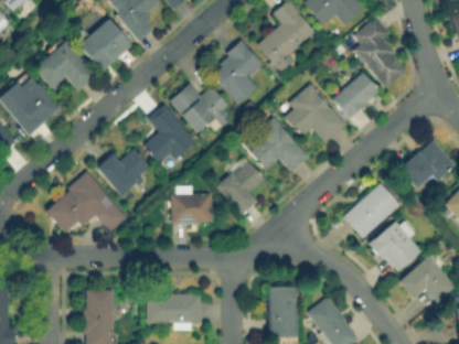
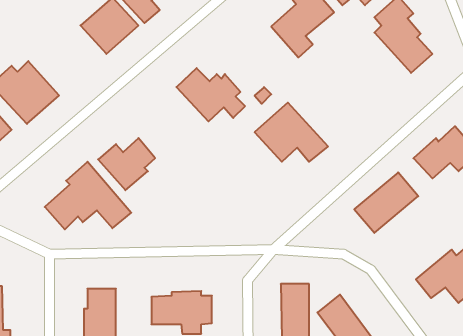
building: [214,41,261,107] -> none
building: [34,42,97,93] -> none
building: [333,73,382,119] -> none
building: [286,85,348,144] -> none
building: [145,106,198,164] -> none
building: [218,158,267,217] -> none
building: [171,187,215,225] -> none
building: [363,219,418,272] -> none

